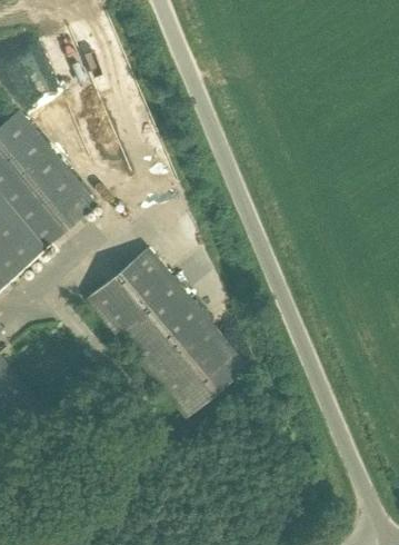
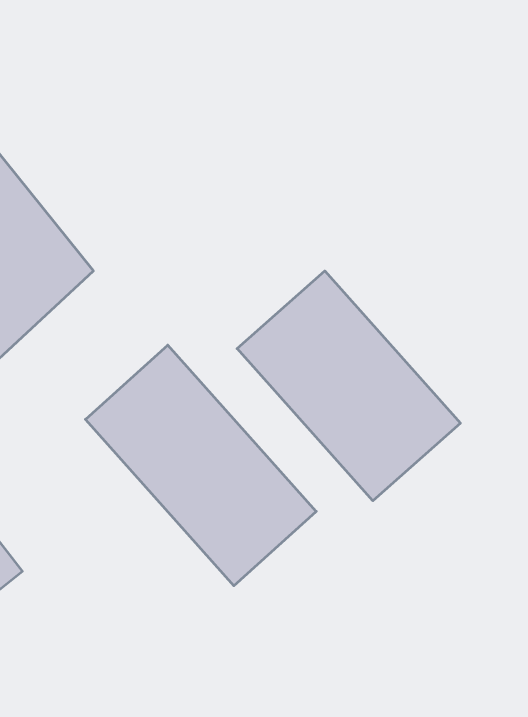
building: none -> [237,271,460,501]

